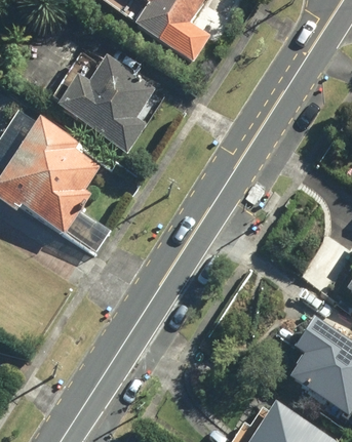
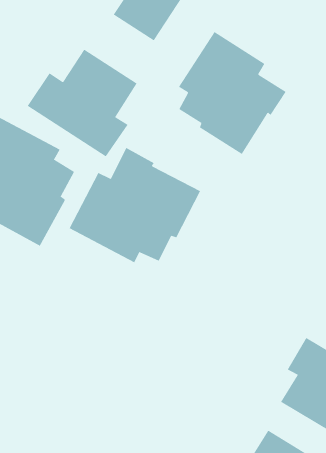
building: none -> [178,31,287,155]
building: none -> [69,147,201,263]

